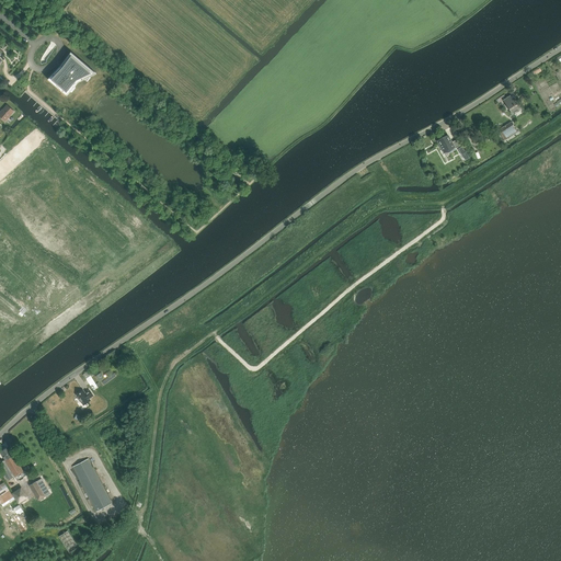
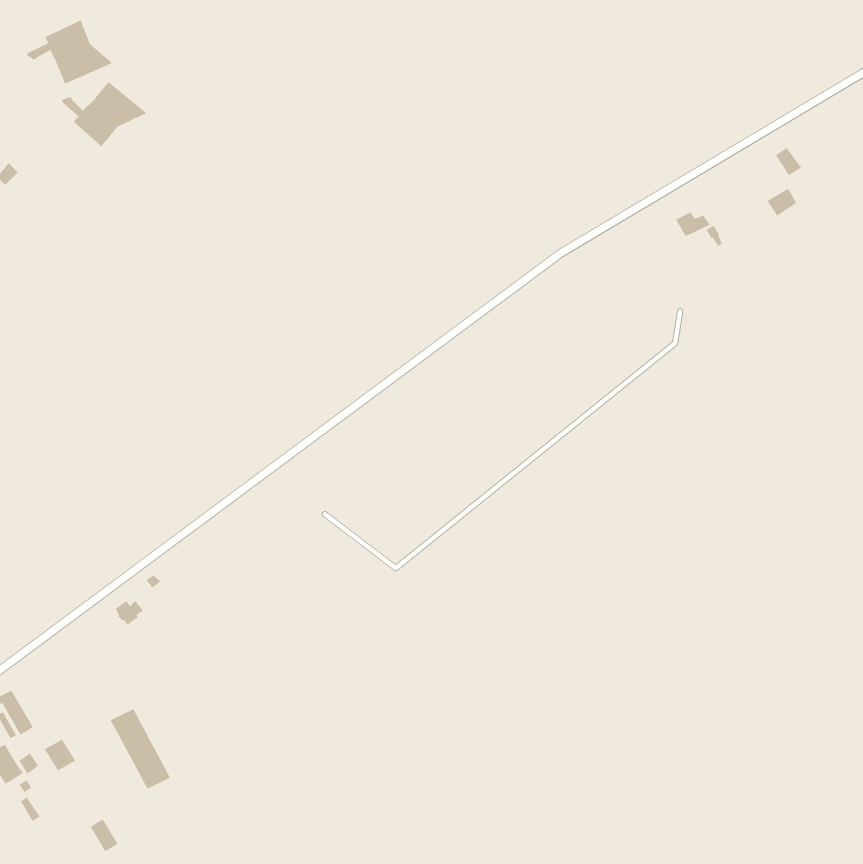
building: none -> [25,19,113,85]

